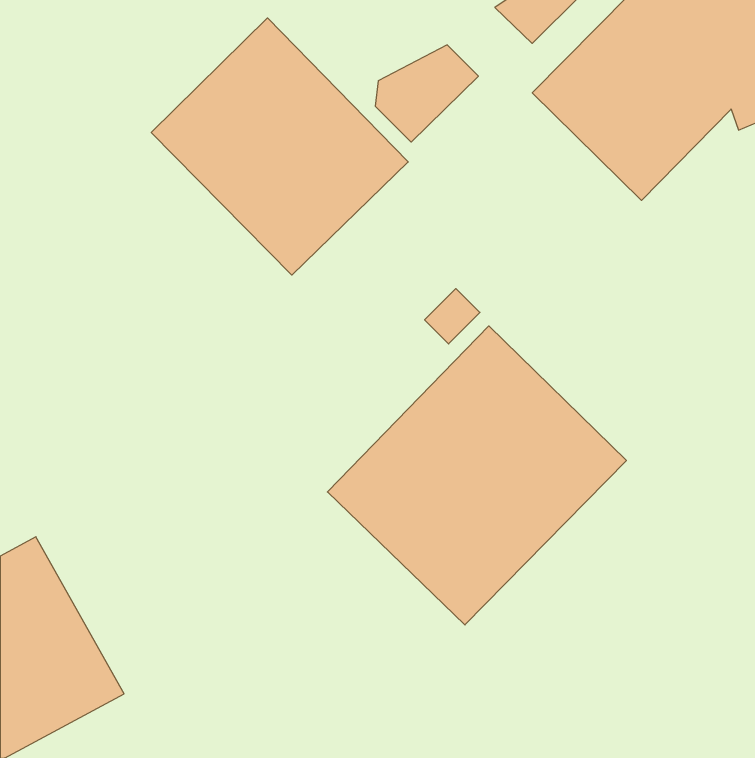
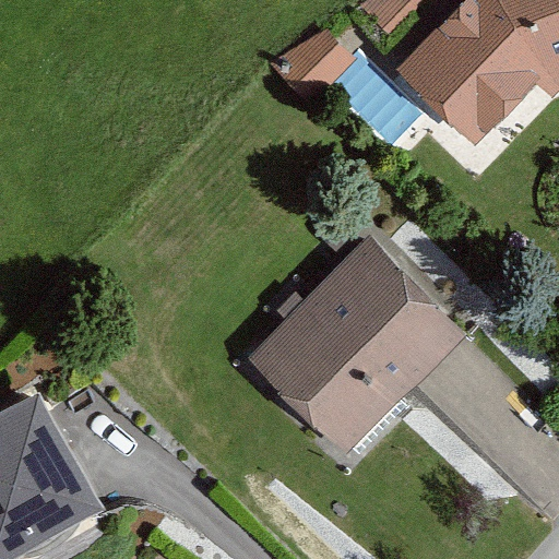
building: [151,18,408,275] -> none

